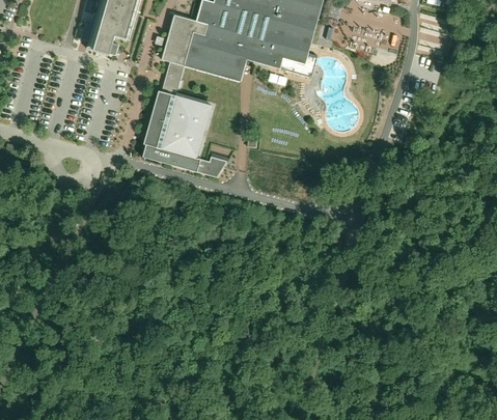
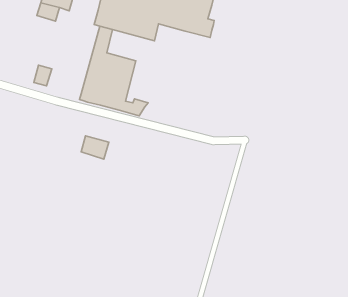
building: none -> [34,65,52,86]
building: none -> [81,136,109,159]

